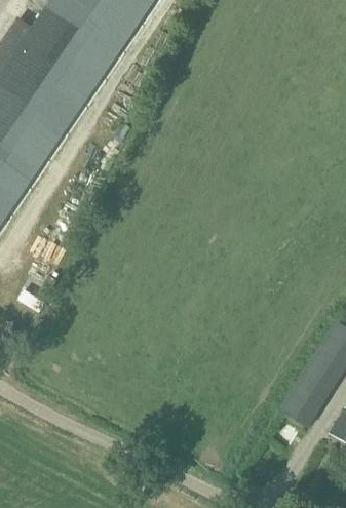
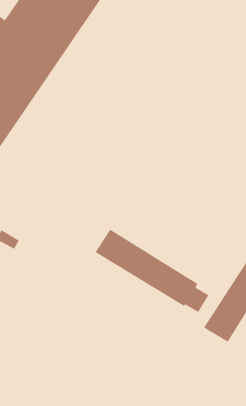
building: none -> [95,229,209,313]

